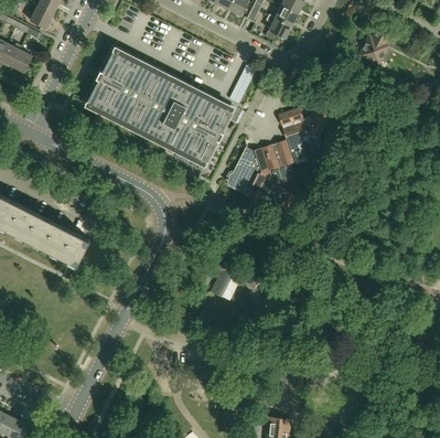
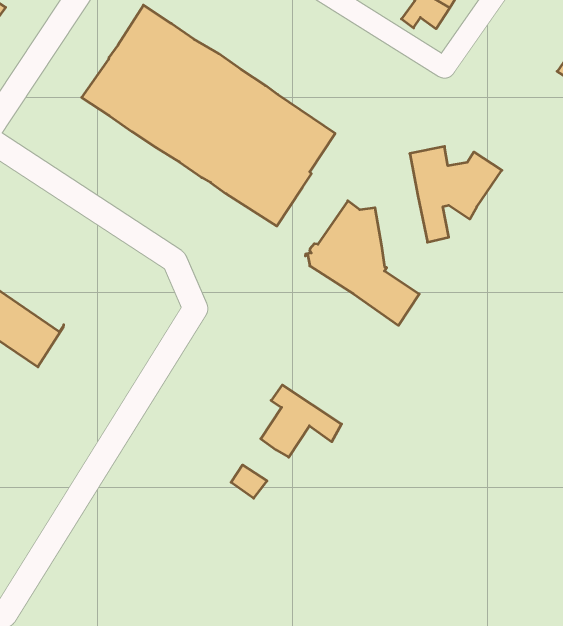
building: [262,140,296,184] -> none

